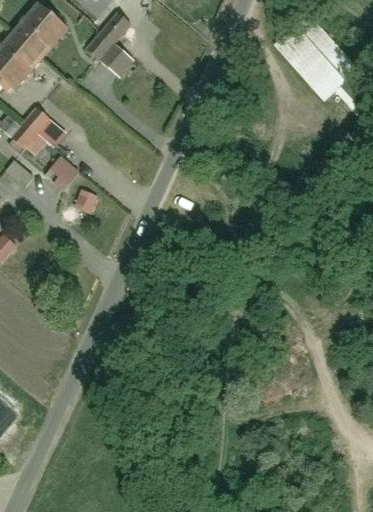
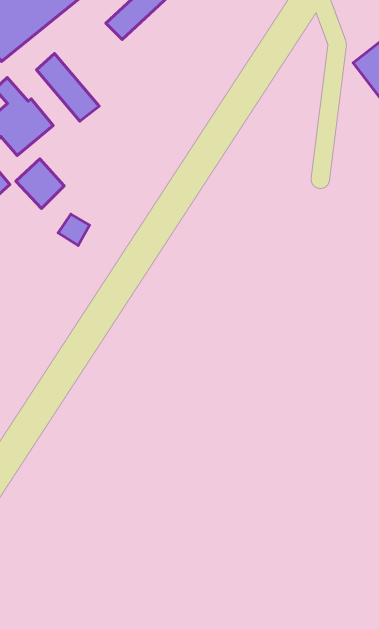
building: [101,46,134,78] -> none
building: none -> [37,54,99,121]

